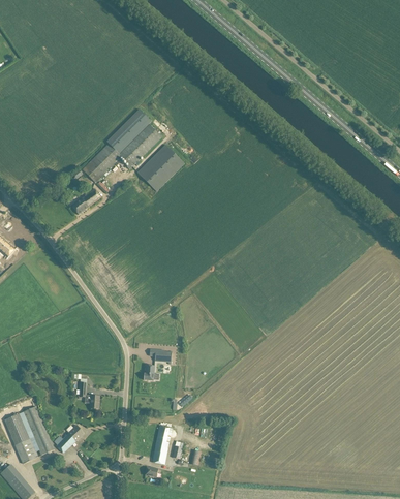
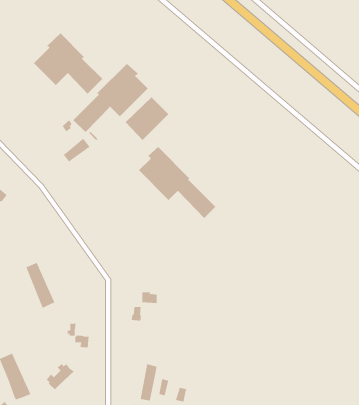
building: none -> [33,33,103,95]
building: none -> [138,146,216,219]
building: [23,406,54,455] -> [25,262,55,308]

